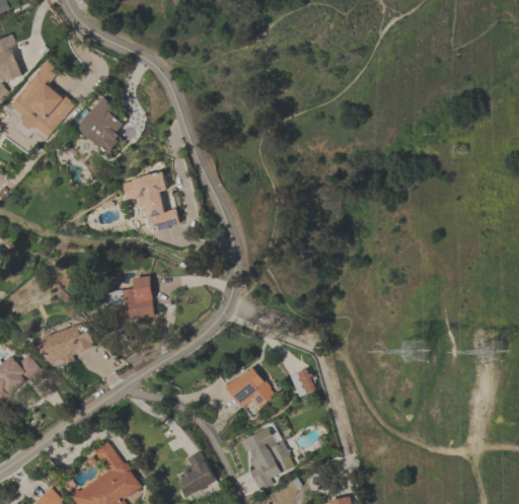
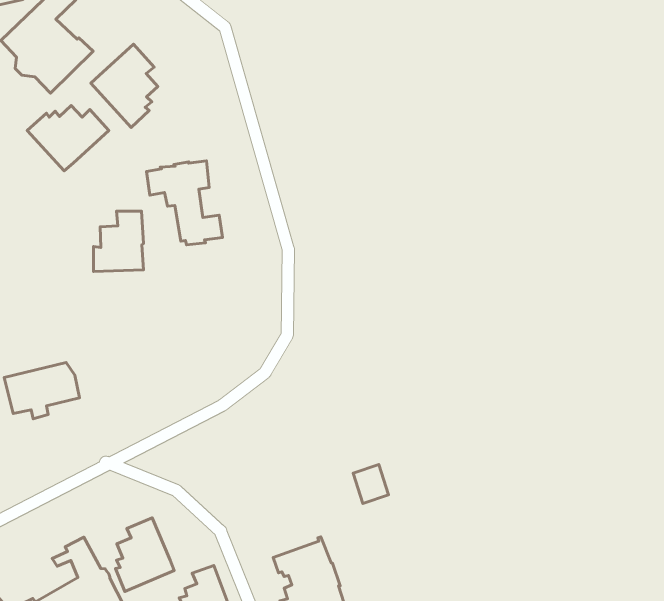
building: none -> [27,106,109,171]
building: [119,276,155,321] -> [93,211,144,271]
building: [225,366,273,408] -> none
building: none -> [116,518,174,591]

